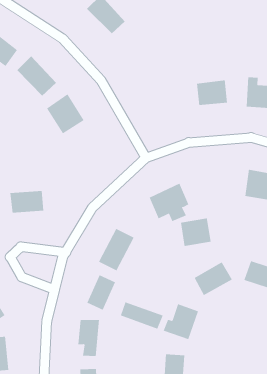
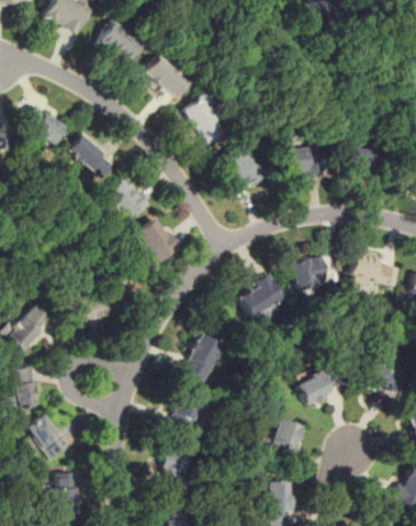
building: none -> [183,96,229,147]
building: none -> [221,149,268,188]
building: none -> [135,215,183,265]
building: [180,218,212,246] -> [291,256,330,292]
building: [120,302,163,330] -> none

